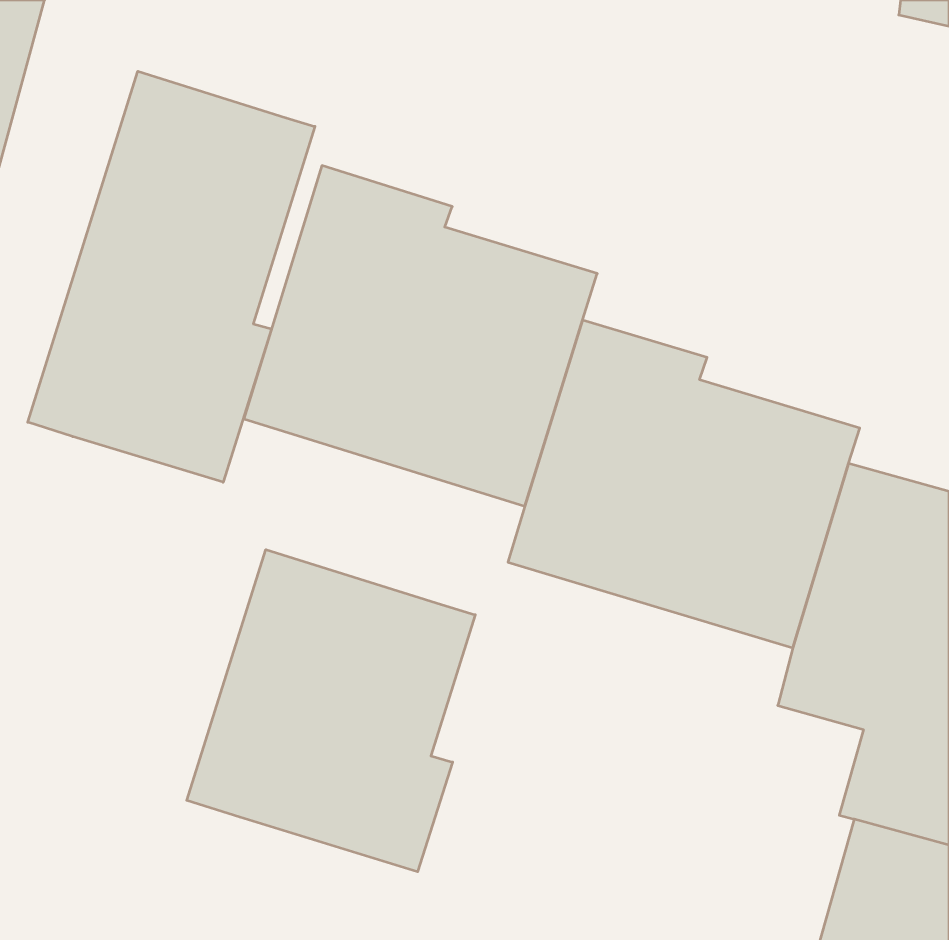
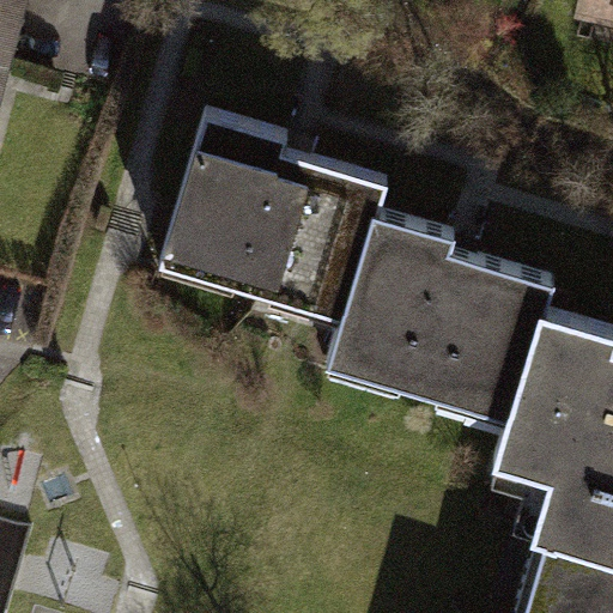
building: [28,71,315,482] -> none
building: [187,550,475,872] -> none

